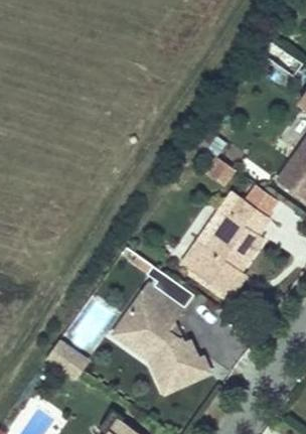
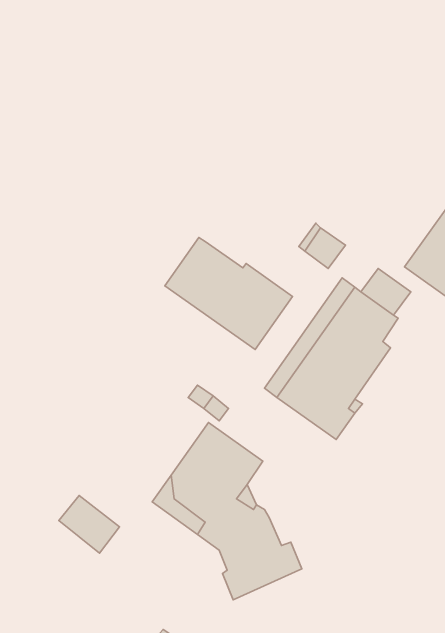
building: none -> [165,237,292,349]

